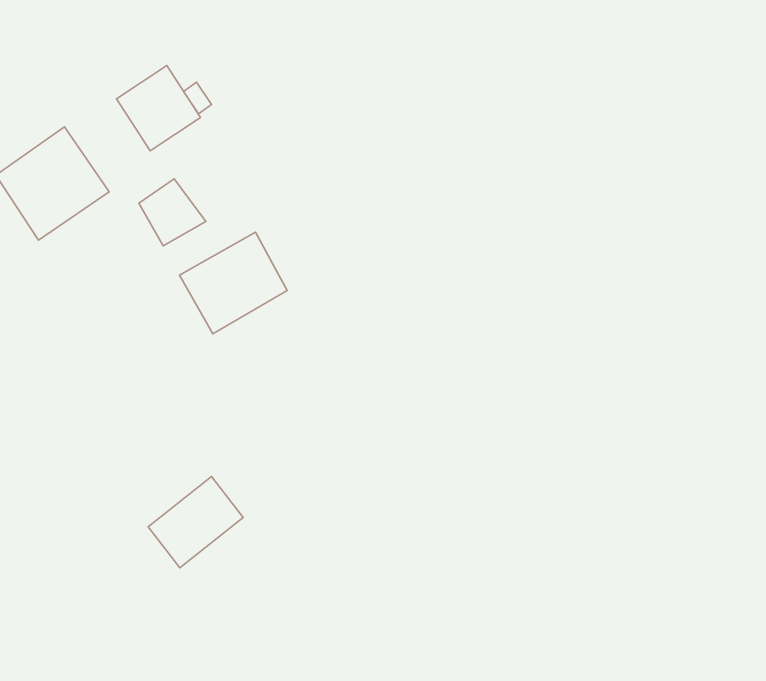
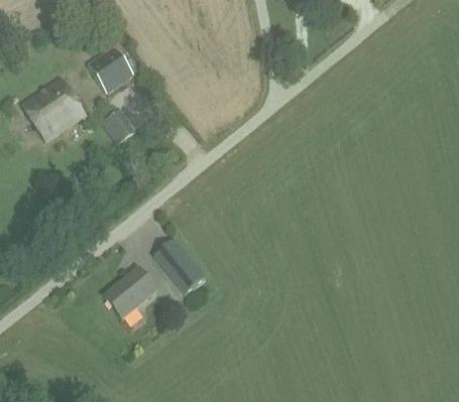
building: [179,232,287,334] -> none
building: none -> [154,238,206,292]

